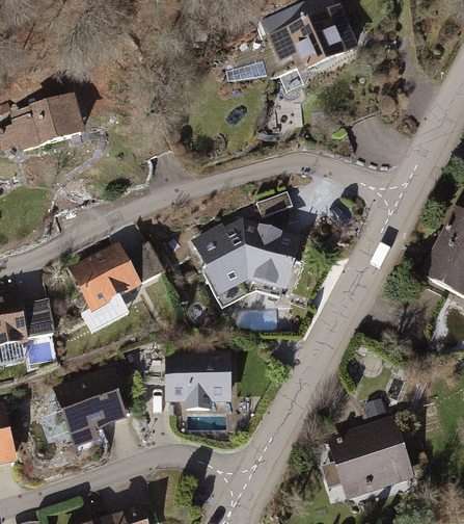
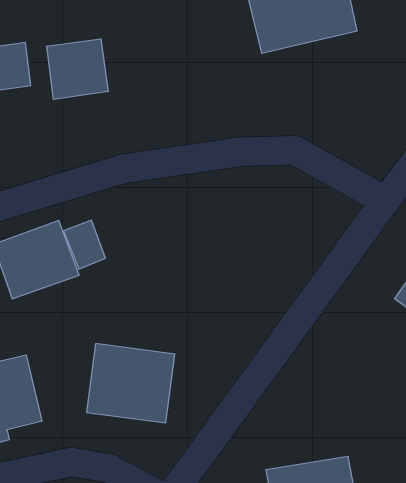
building: none -> [47,39,108,99]
building: [189,207,303,293] -> none

